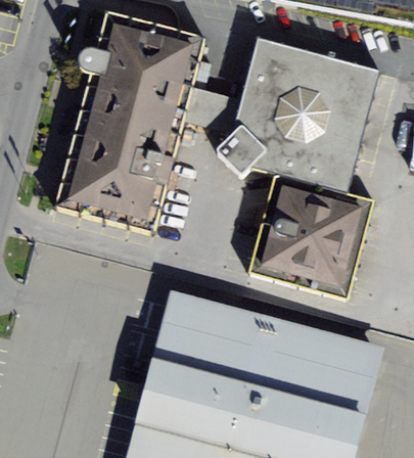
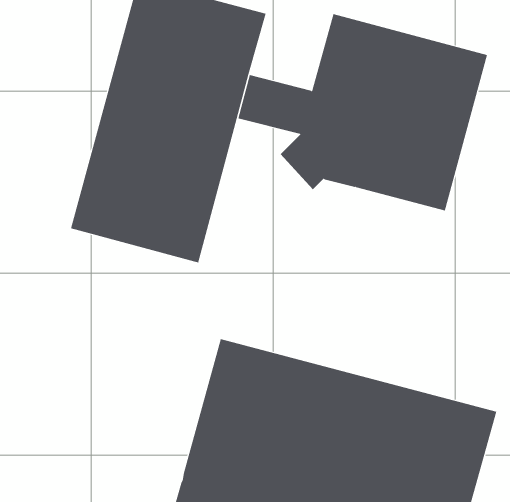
building: [249,173,373,294] -> none

